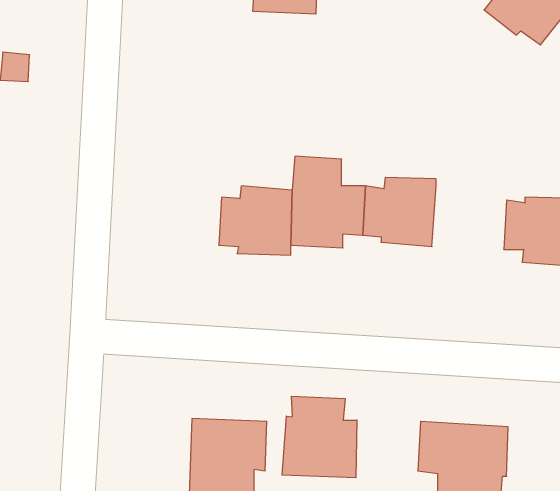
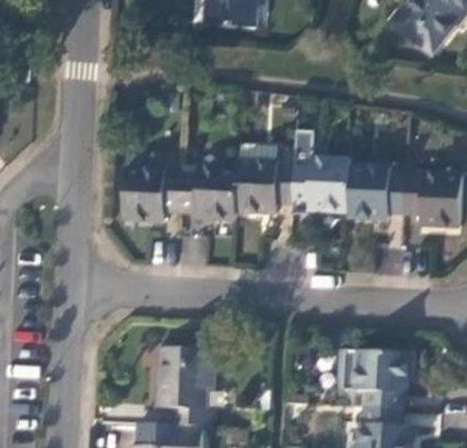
building: none -> [347,165,406,219]
building: none -> [122,169,181,221]
building: [282,396,357,478] -> none

